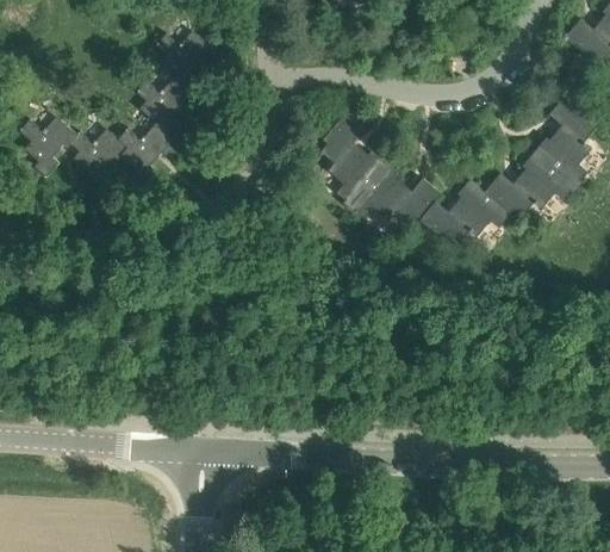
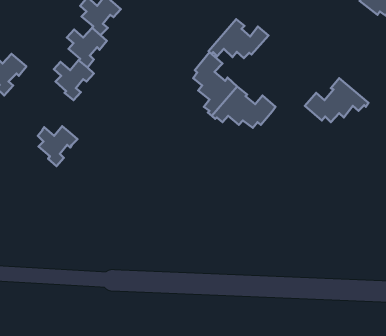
building: none -> [209,19,268,58]
building: [535,95,596,187] -> none
building: [70,129,129,187] -> [38,126,78,166]
building: [421,179,510,243] -> none

